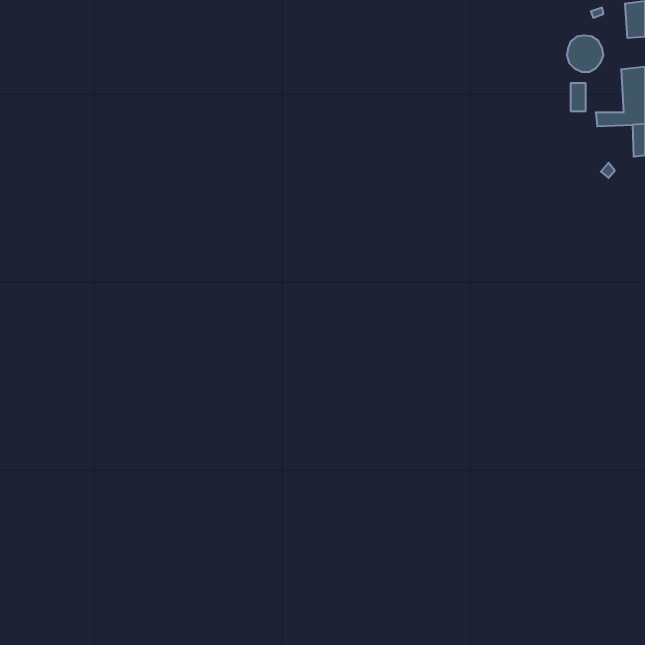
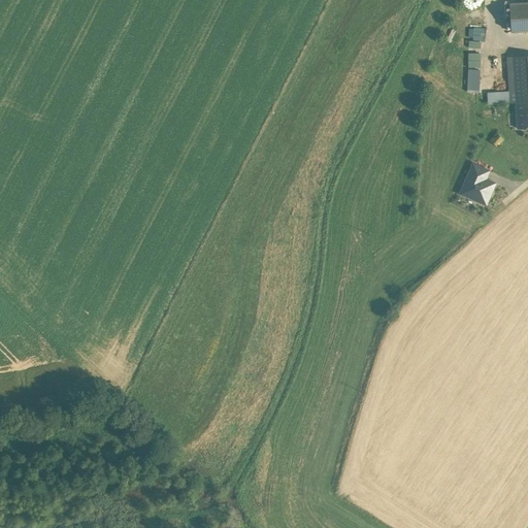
building: none -> [456,161,494,204]

